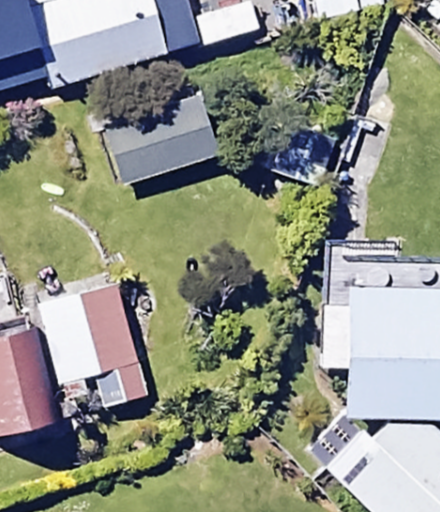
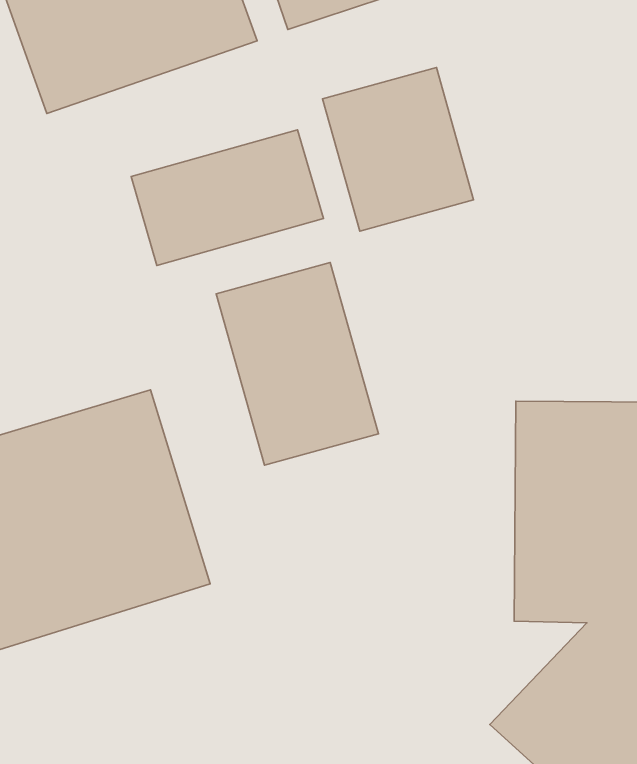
building: none -> [323,68,474,231]
building: none -> [216,263,378,465]

